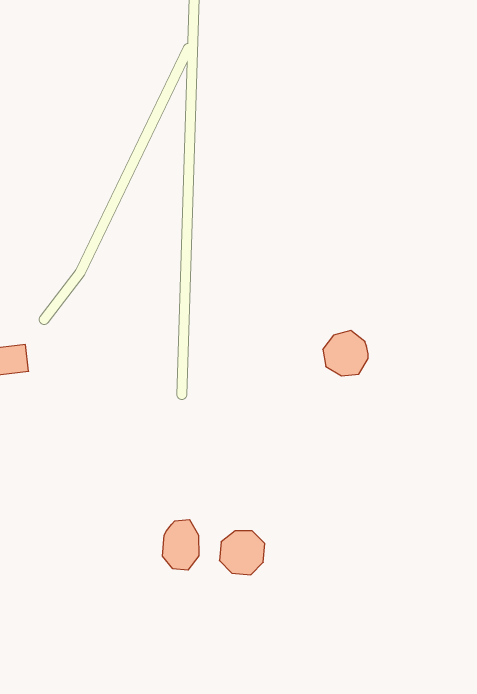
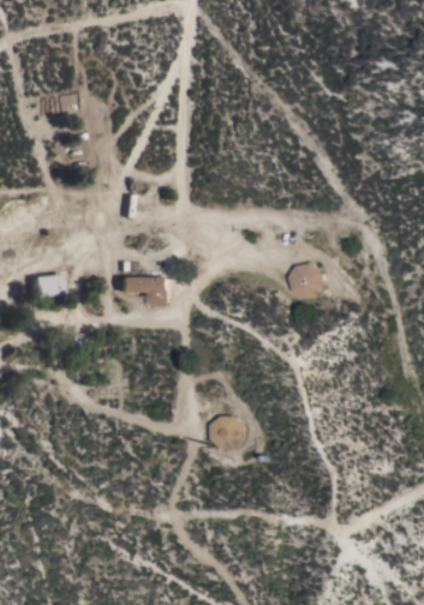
building: none -> [118,277,168,305]
building: [162,520,199,570] -> none

